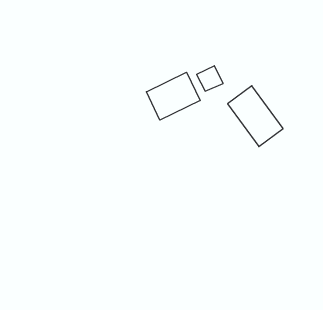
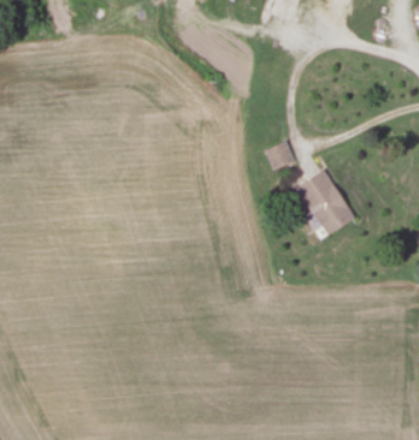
building: [146,72,200,120] -> none

